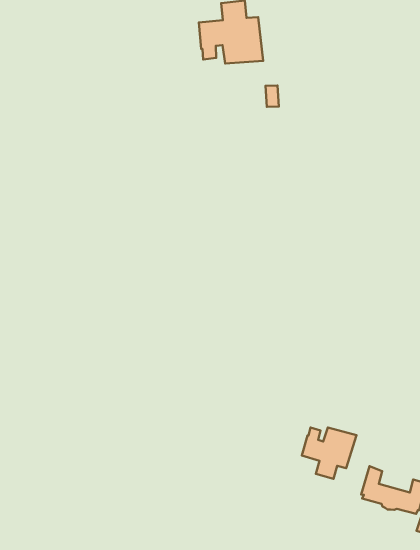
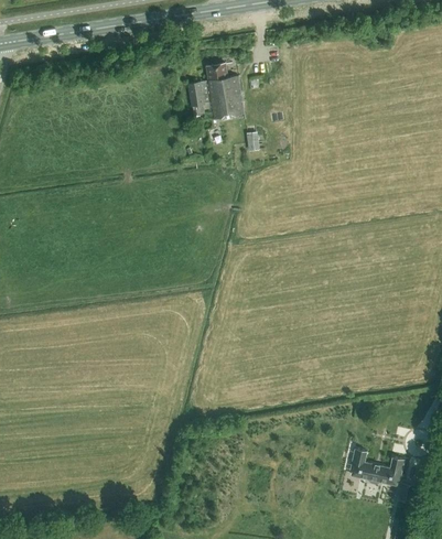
building: [302,427,356,479] -> none

